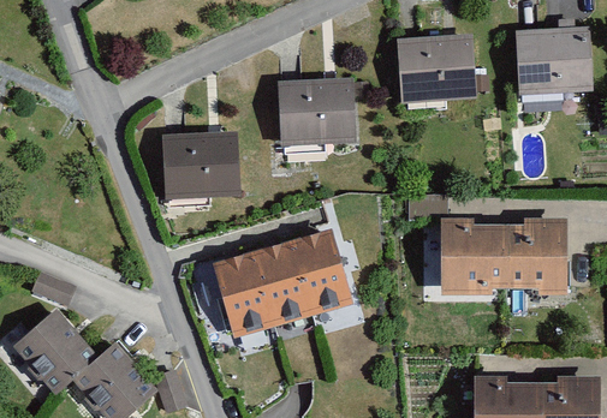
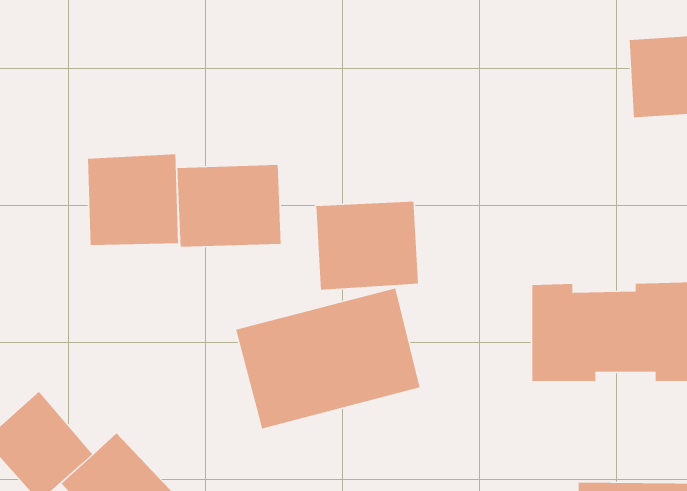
building: [399,35,478,102] -> none
building: [276,76,357,145] -> [315,201,419,290]
building: none -> [87,153,179,246]

